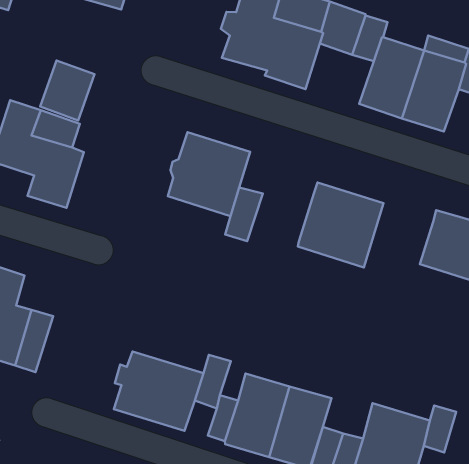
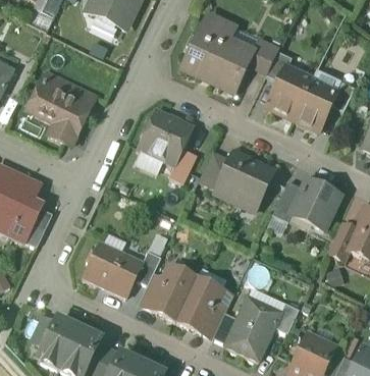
building: [40,60,94,120] -> none
building: none -> [198,150,229,187]
building: none -> [272,180,302,221]

